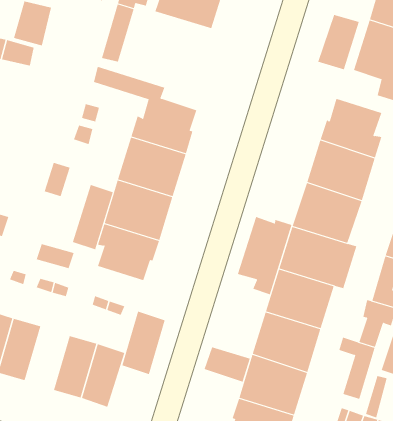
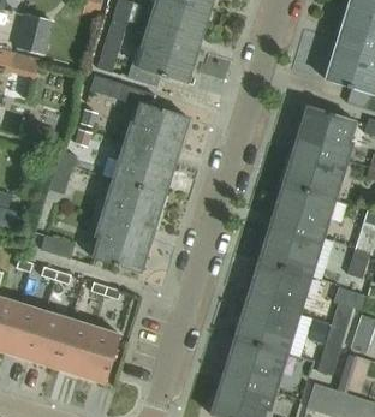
building: none -> [125,26,198,84]
building: [318,14,359,70] -> none
building: [72,184,114,250] -> none
building: [237,216,292,295] -> none
building: [121,311,165,375] -> [30,310,70,368]
building: [204,347,251,383] -> none

